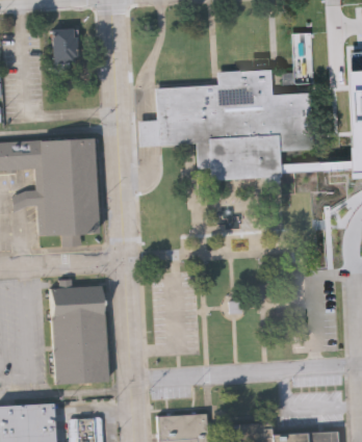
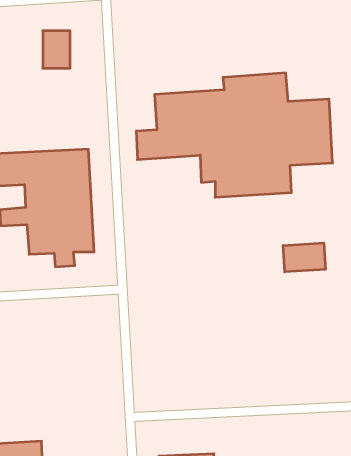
building: none -> [283,243,325,272]
building: [49,287,107,386] -> none

